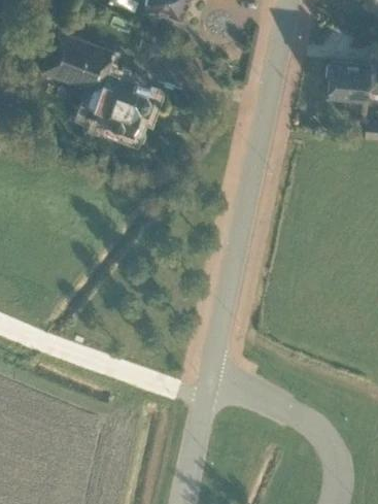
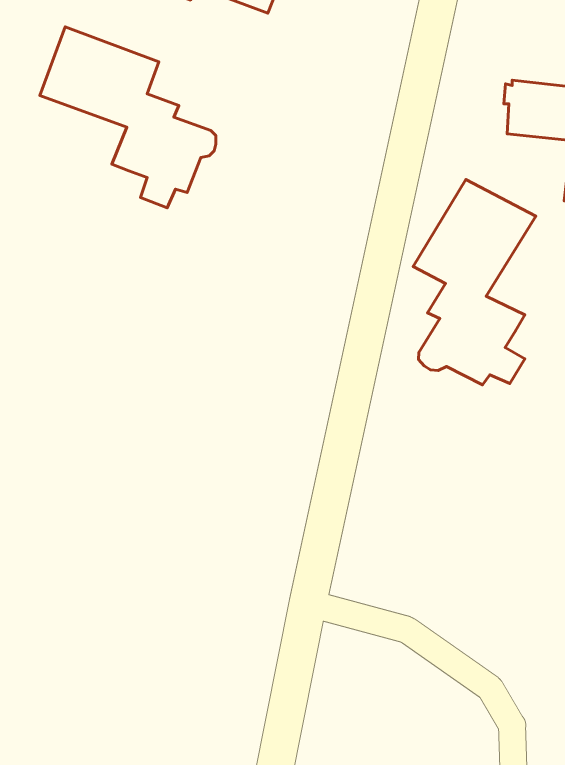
building: none -> [413,179,536,385]

